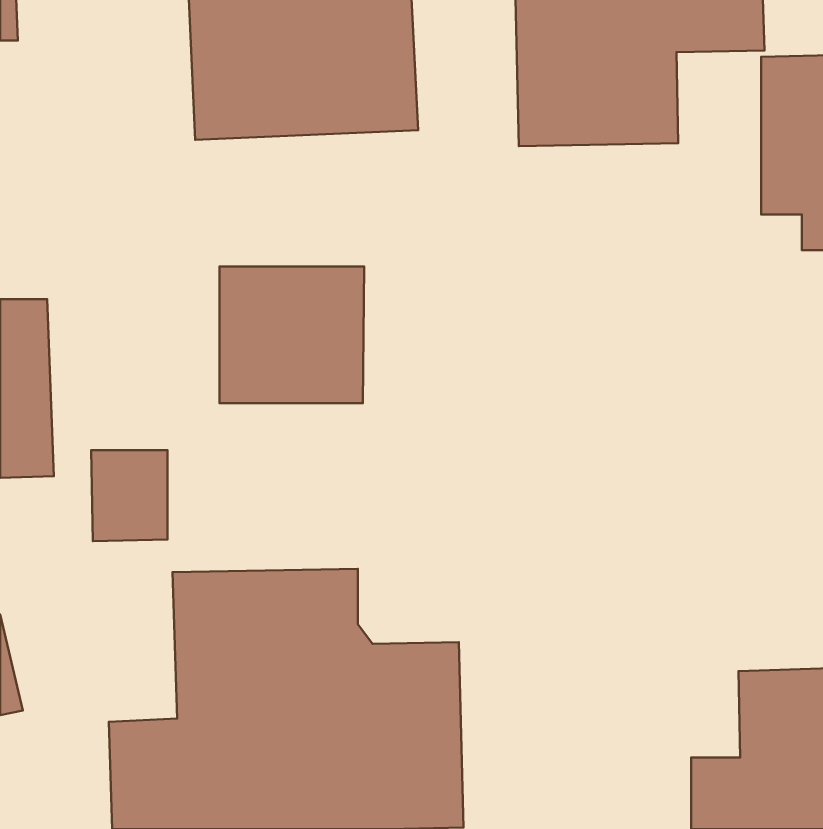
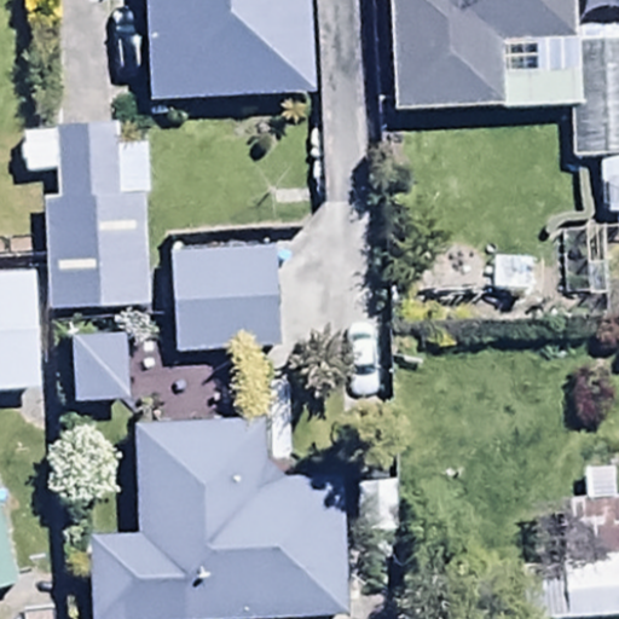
building: none -> [50,147,150,267]

